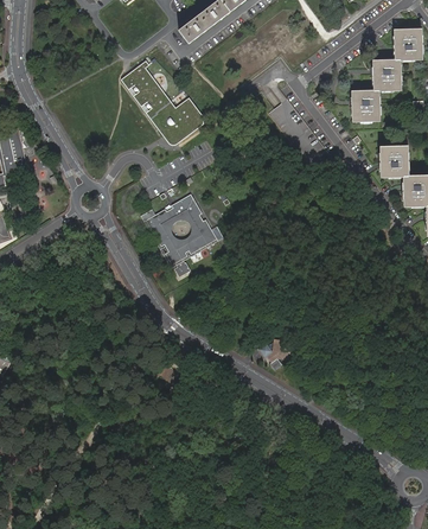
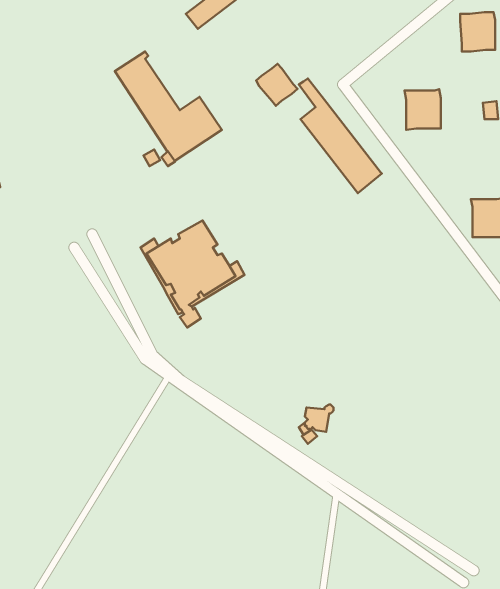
building: [371,60,398,91] -> none
building: none -> [256,64,297,106]
building: [378,147,405,178] -> none

